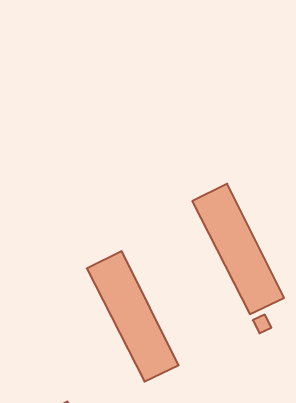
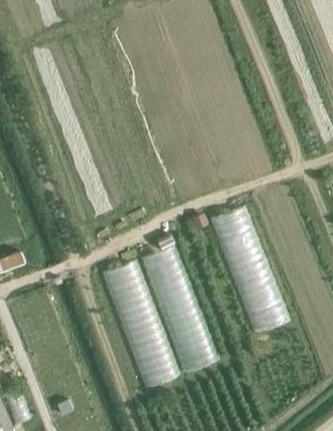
building: none -> [141,247,220,375]

